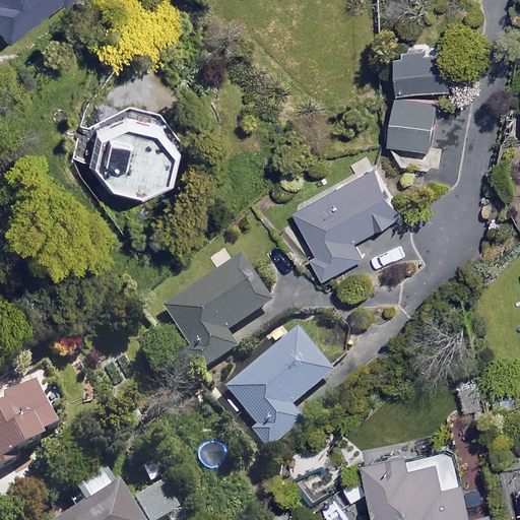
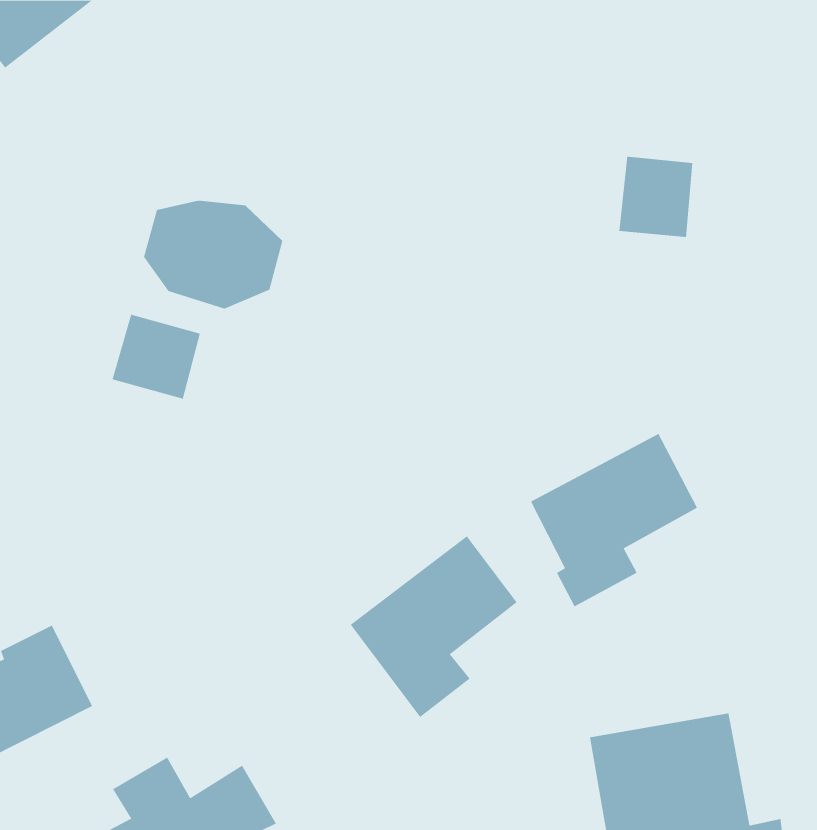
building: [398,53,448,92] -> none
building: [294,170,398,278] -> [530,433,698,607]
building: none -> [112,314,200,399]
building: [156,262,262,373] -> none

